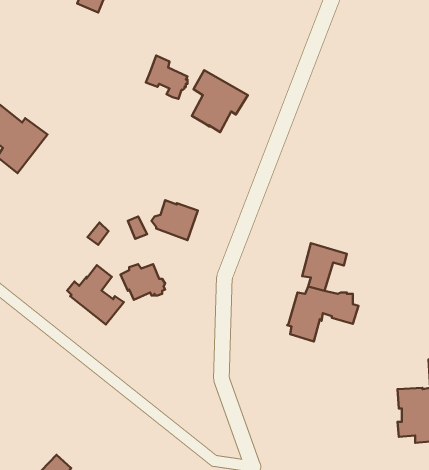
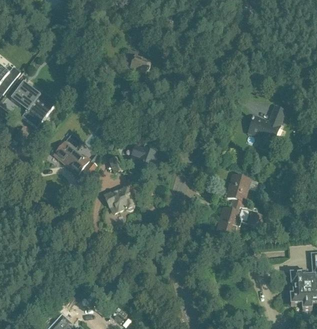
building: [192,70,248,132] -> none
building: none -> [247,104,285,147]
building: [67,265,124,325] -> [51,132,89,172]

